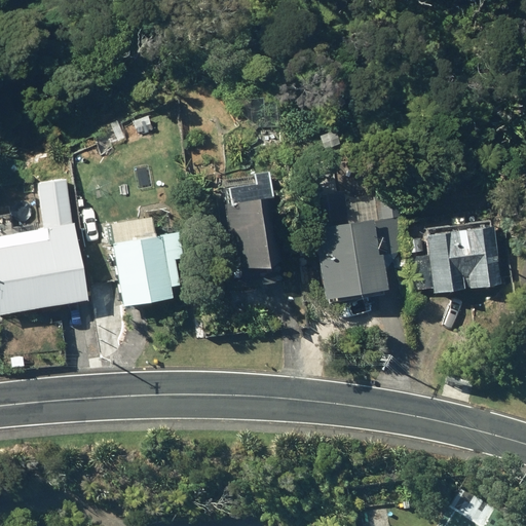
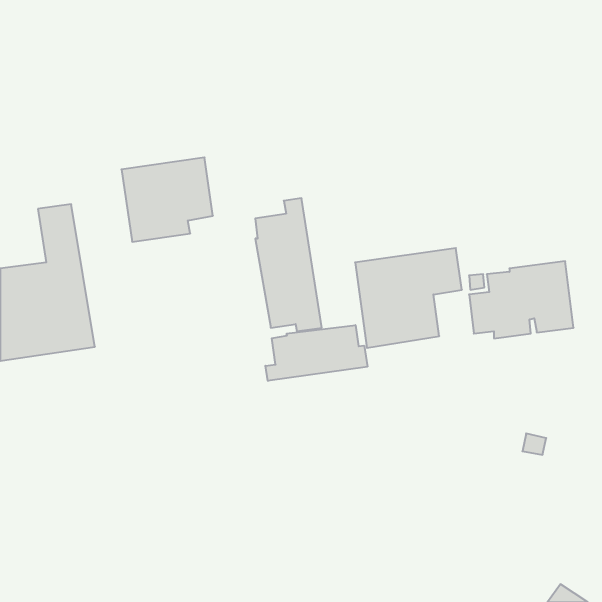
building: [110,234,189,307] -> [121,157,213,242]
building: none -> [265,325,367,381]

